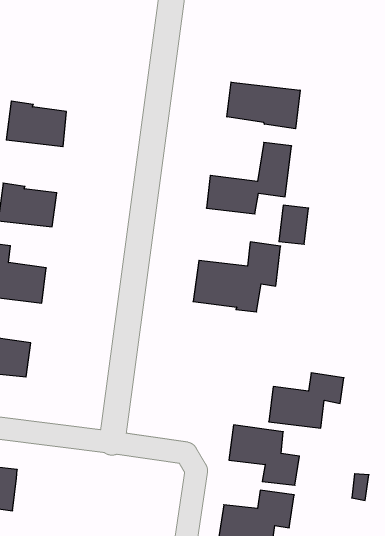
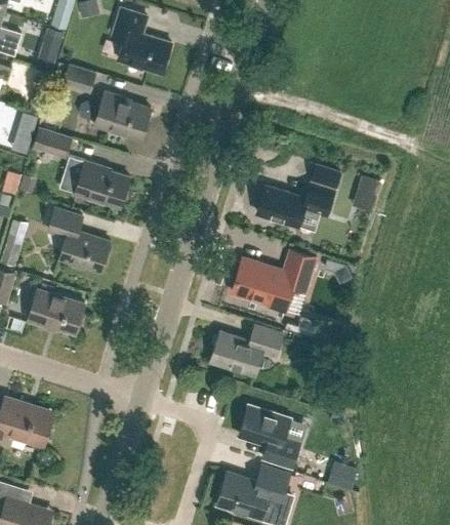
building: none -> [113,8,171,73]
building: [227,82,300,129] -> none
building: [279,205,309,244] -> [350,172,380,209]
building: [269,373,344,428] -> [211,325,283,374]

